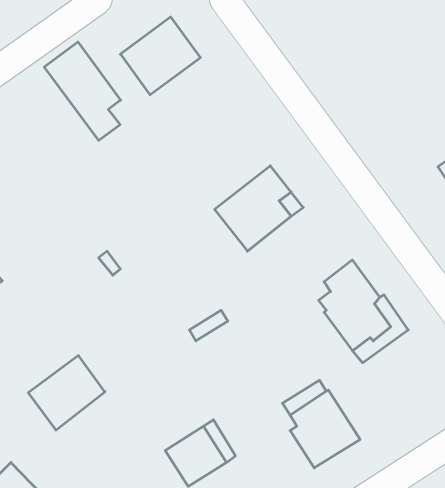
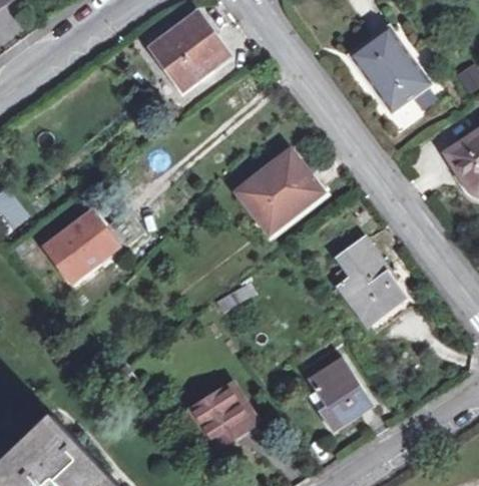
building: none -> [350,28,429,112]
building: [44,42,121,140] -> none
building: [28,356,105,430] -> [46,213,116,282]

